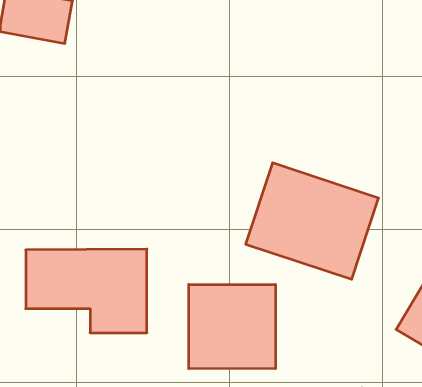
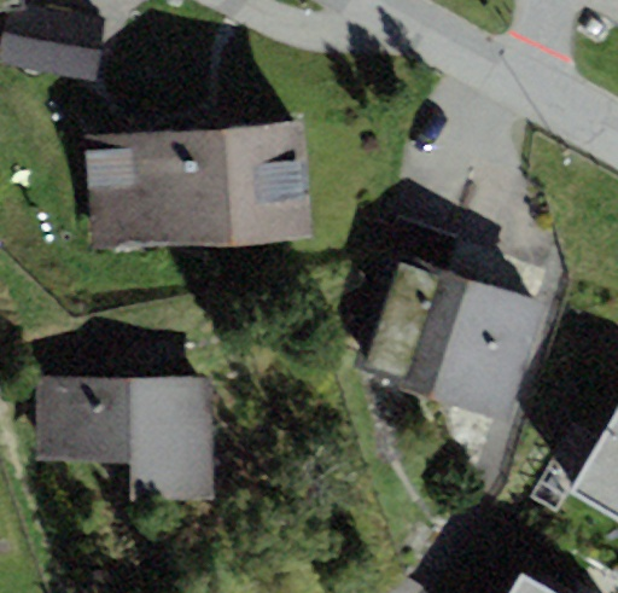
building: none -> [84,123,311,250]
building: [189,284,275,369] -> none

